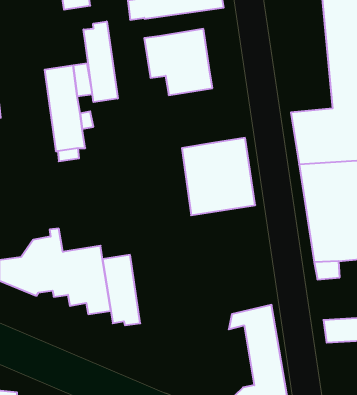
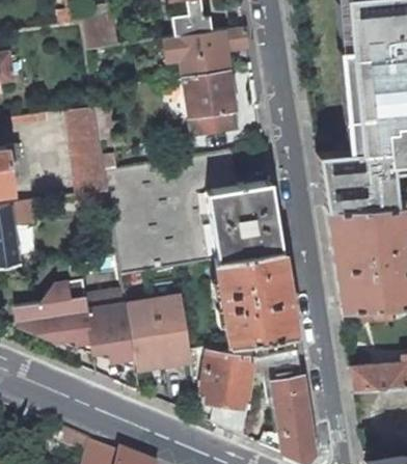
building: [84,21,118,102] -> none
building: none -> [214,250,297,346]
building: none -> [155,297,192,371]
building: none -> [201,353,259,416]

